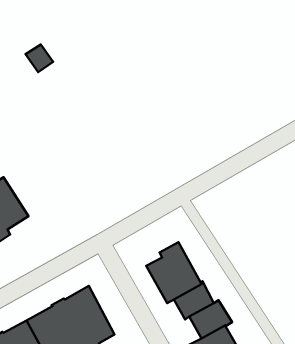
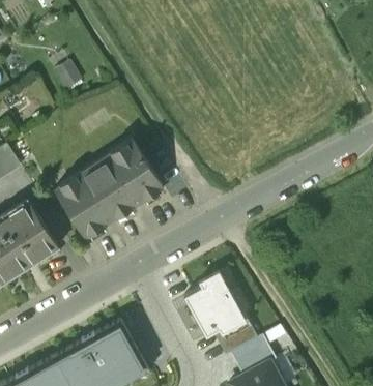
building: none -> [55,141,162,238]

